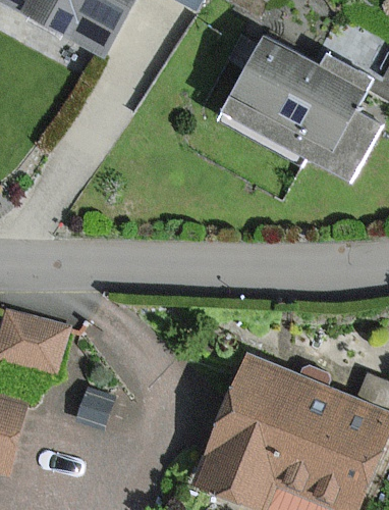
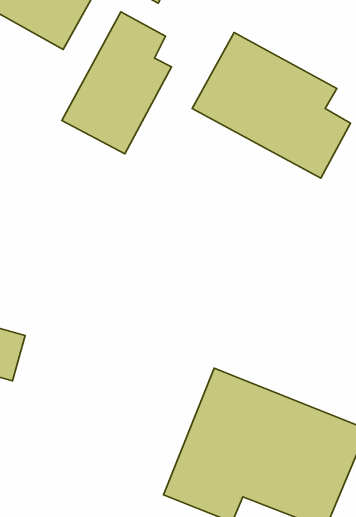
building: none -> [62,12,171,154]

